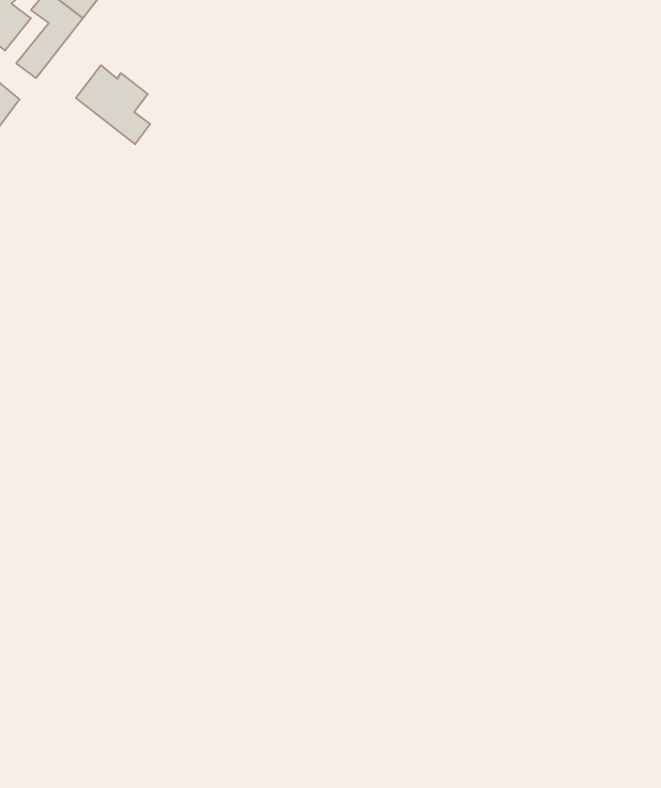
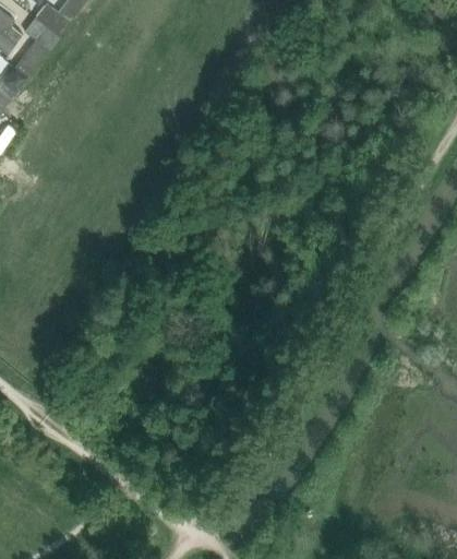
building: [76,65,150,144] -> none

